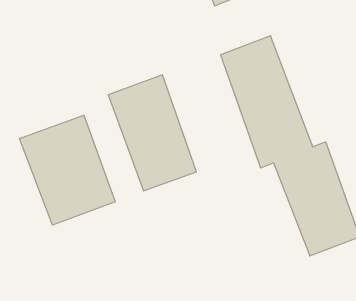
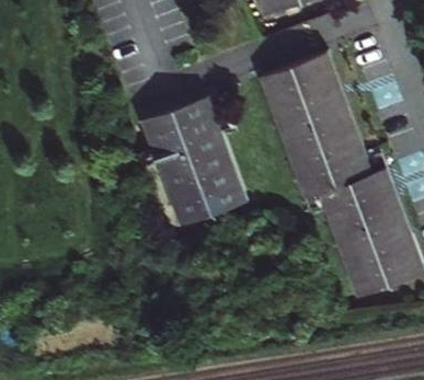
building: [19,115,115,225] -> none

